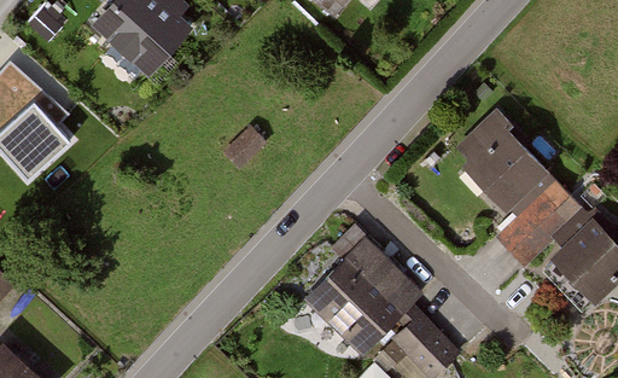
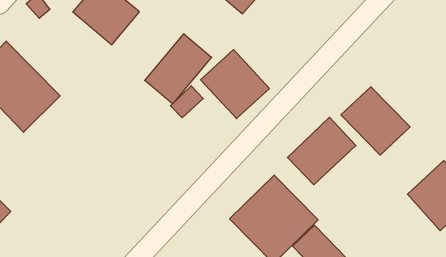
building: none -> [145,34,212,104]
building: none -> [201,50,269,119]
building: [491,174,582,263] -> [287,117,356,185]

